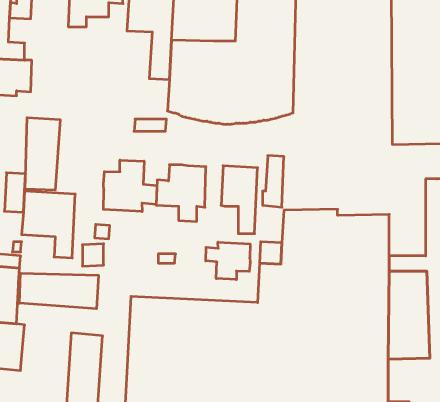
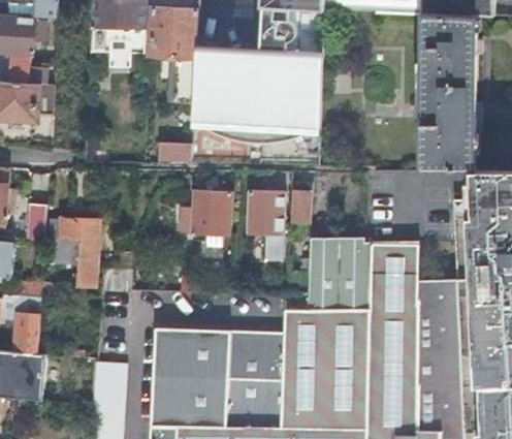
building: [25,118,60,190] -> none
building: [103,160,157,212] -> none
building: [206,242,250,280] -> none
building: [19,273,98,309] -> none

